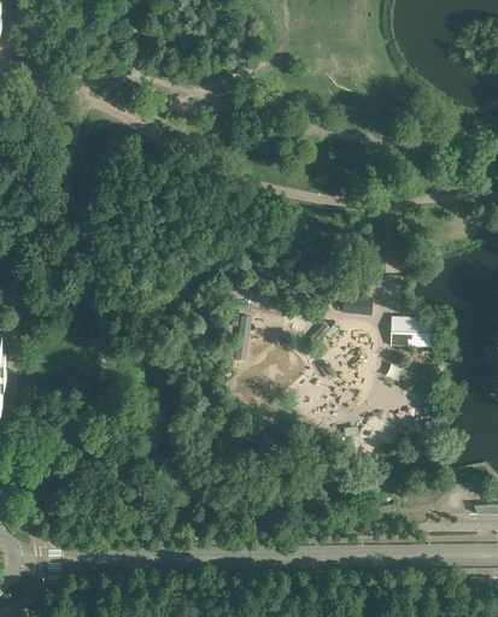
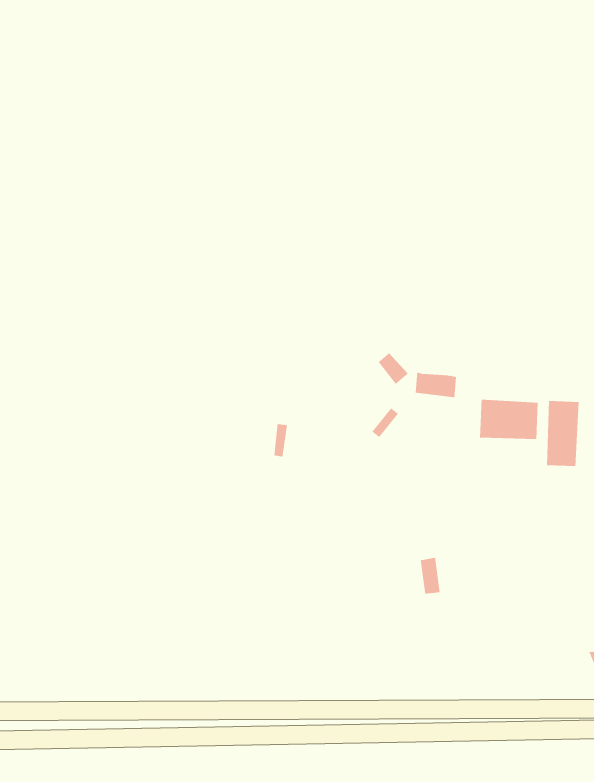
building: none -> [547,400,579,467]

